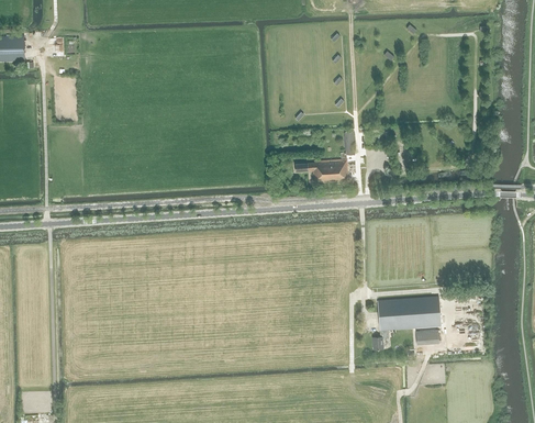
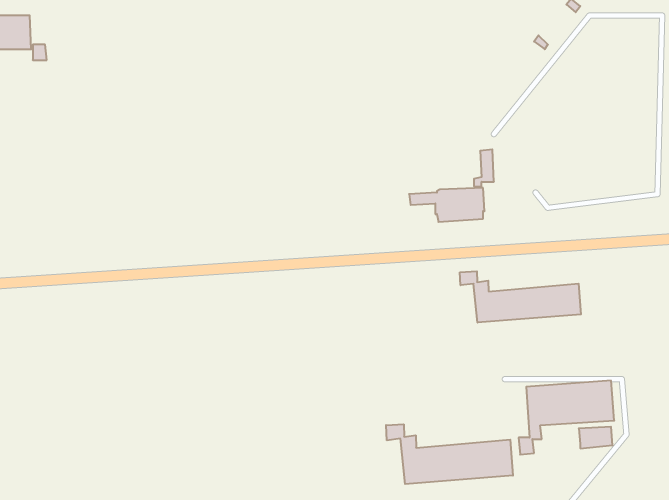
building: none -> [460,271,581,323]
building: none -> [386,424,513,484]

